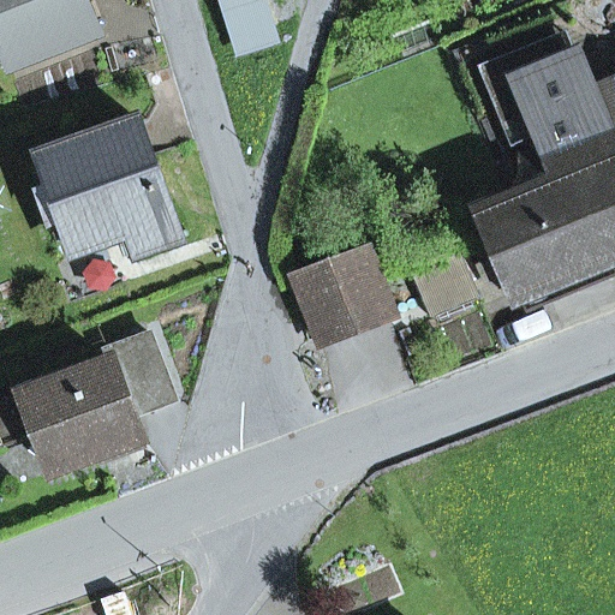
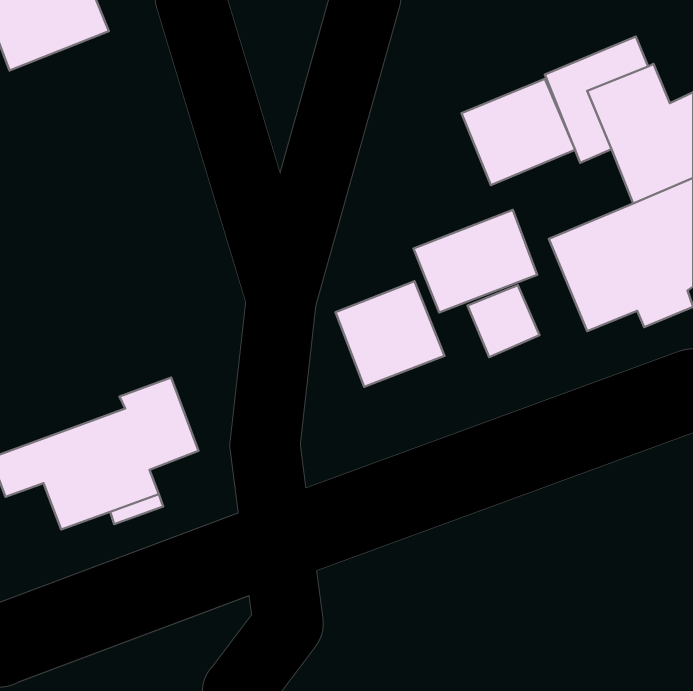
building: none -> [462,79,575,185]
building: [42,120,179,252] -> none
building: none -> [413,210,537,312]

